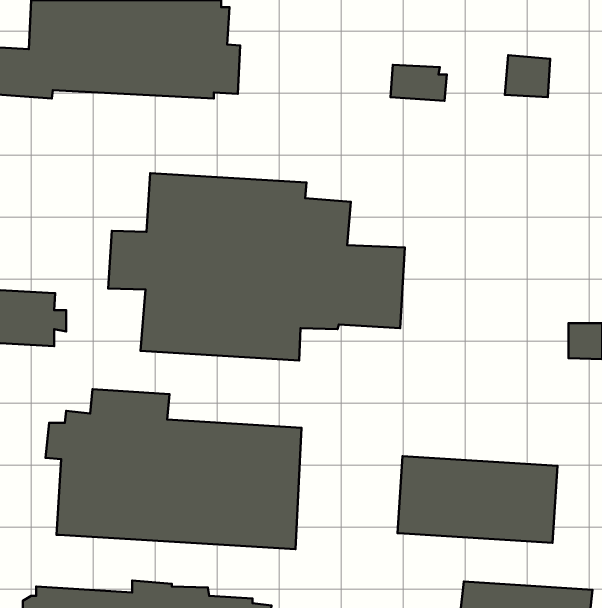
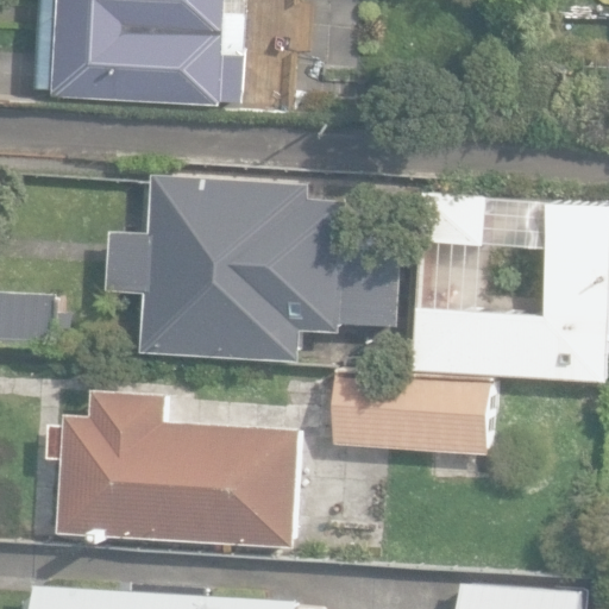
building: none -> [464,212,560,370]
building: [398,456,557,543] -> [331,370,489,456]

